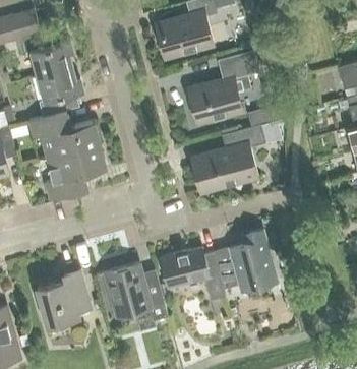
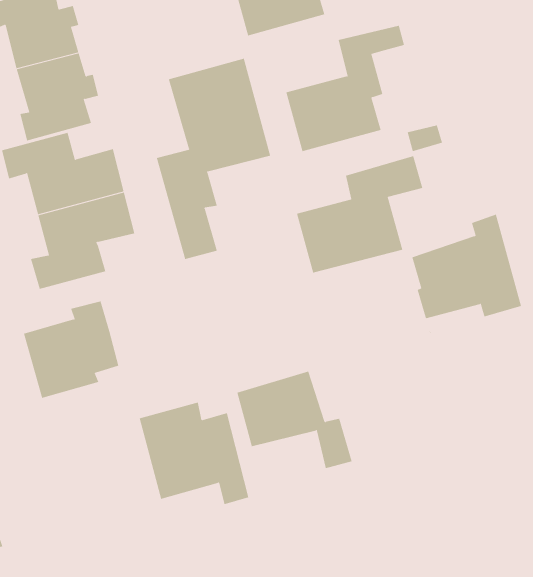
building: none -> [156,58,271,260]
building: [216,230,278,297] -> [411,214,522,333]
building: [37,270,91,325] -> [23,301,119,399]

